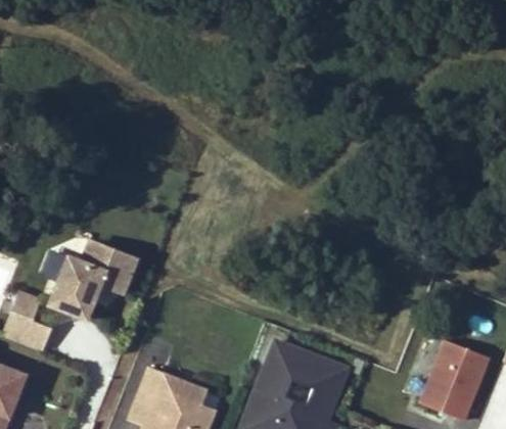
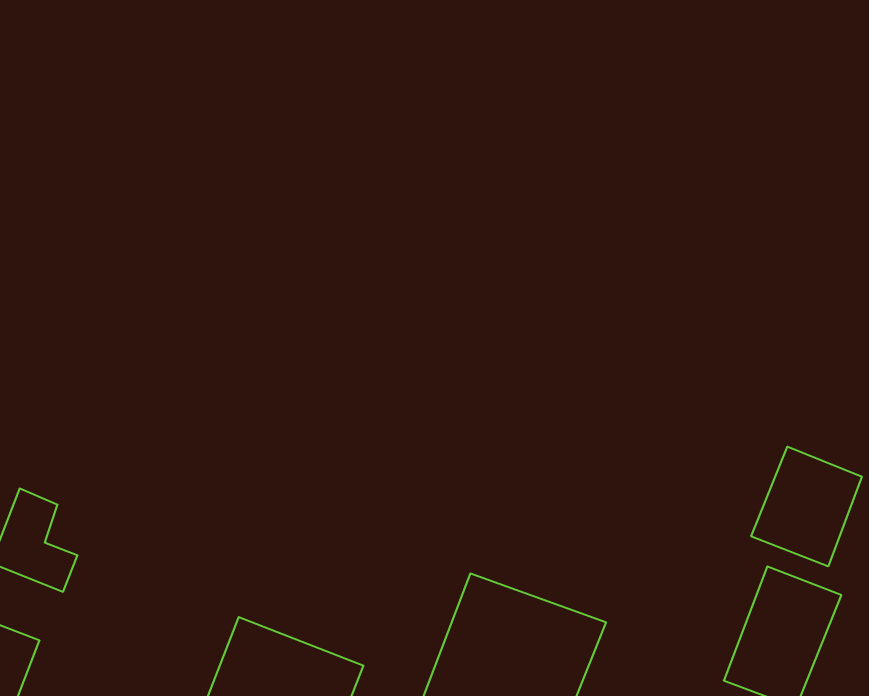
building: [45,241,140,328] -> none
building: none -> [751,447,862,566]

